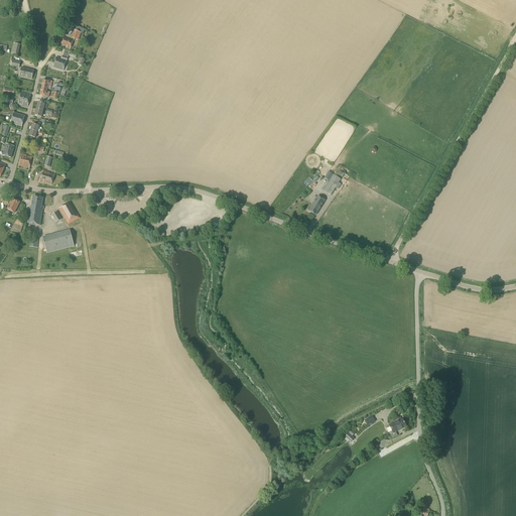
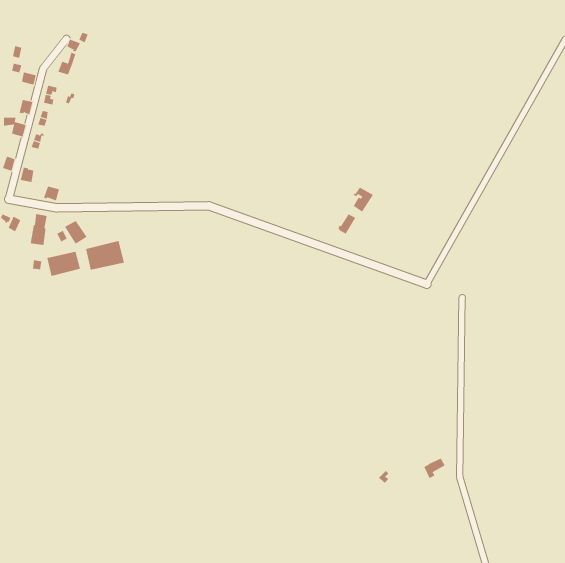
building: none -> [86,240,124,270]

